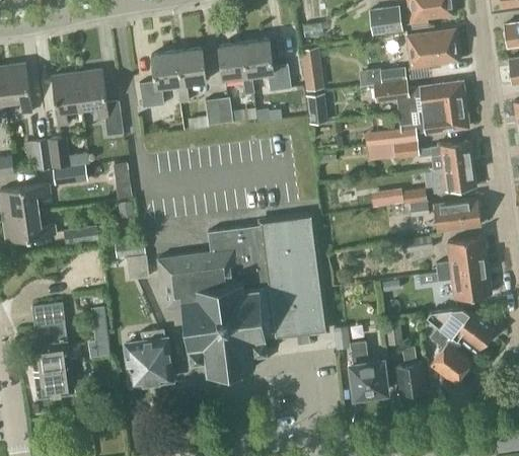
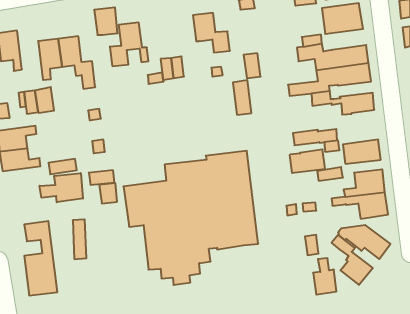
building: [219,45,254,95] -> none
building: [300,47,323,90] -> [233,80,251,115]
building: [176,51,206,85] -> [94,7,118,35]
building: [431,163,475,193] -> [290,149,325,173]
building: [52,164,88,185] -> none
building: none -> [40,173,83,202]
building: [335,328,385,397] -> none
building: [126,330,169,384] -> none

